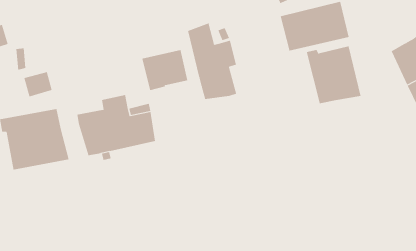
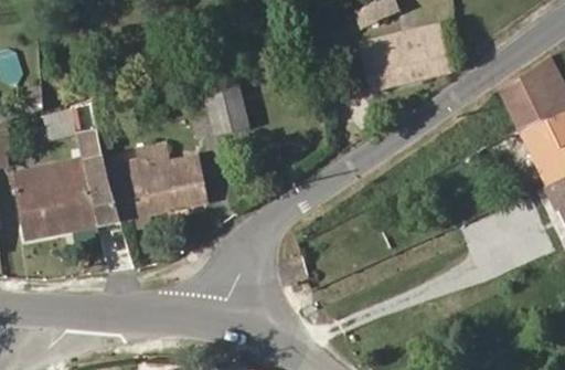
building: [187,23,237,100] -> none
building: [306,45,361,104] -> none
building: none -> [78,136,120,224]

